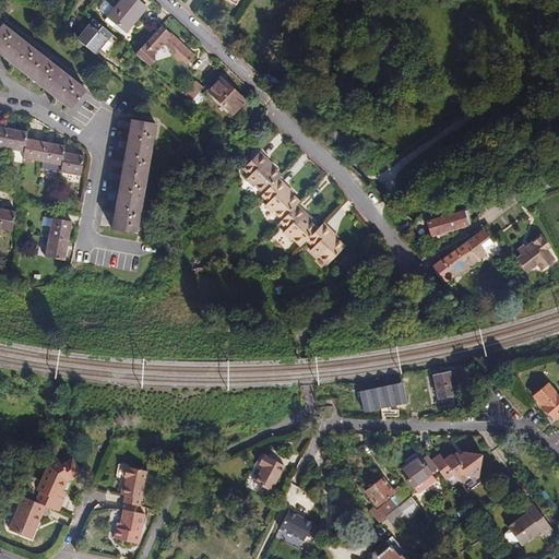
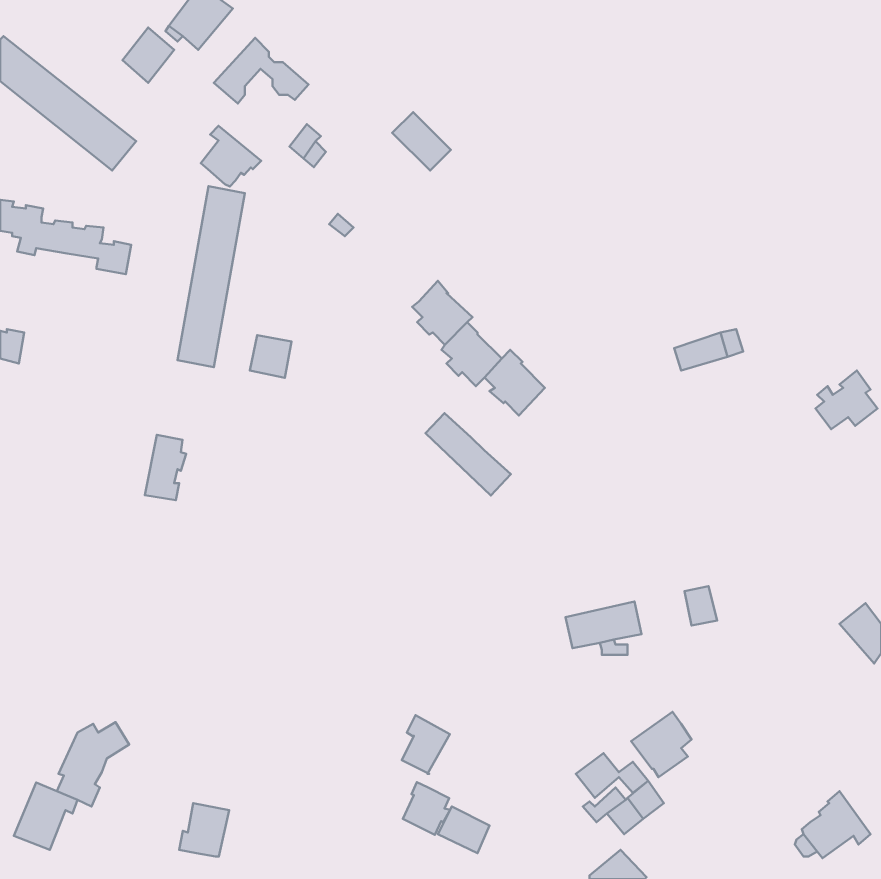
building: [209,76,246,114] -> [392,112,451,171]
building: none -> [201,126,261,187]
building: [243,150,280,191] -> none
building: none -> [250,335,291,378]
building: [45,217,71,259] -> [145,435,186,500]
building: [435,228,490,282] -> none
building: none -> [425,413,511,496]
building: [431,451,483,480] -> none
building: [119,465,147,506] -> none
building: none -> [403,782,450,835]

